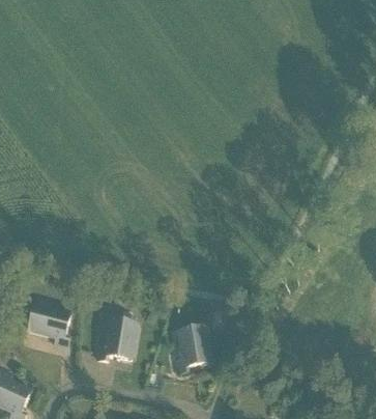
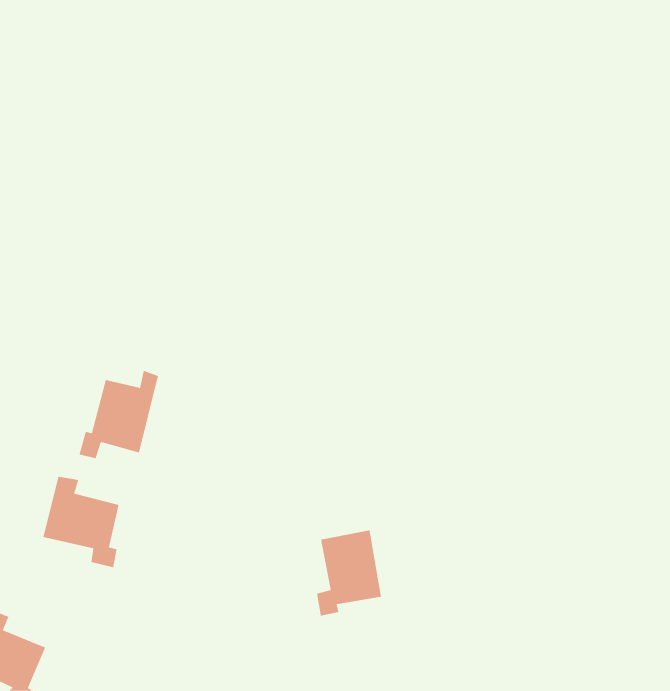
building: none -> [78,370,159,459]
building: [96,316,137,358] -> none

